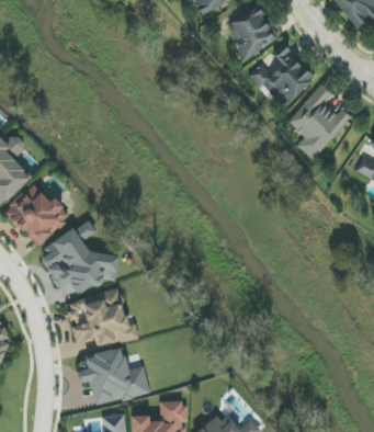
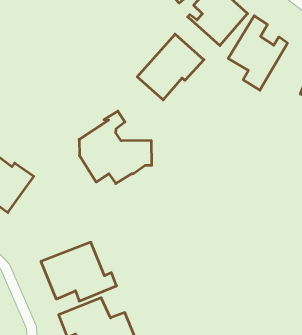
building: none -> [137,34,204,100]
building: [44,219,120,293] -> [79,111,152,184]

